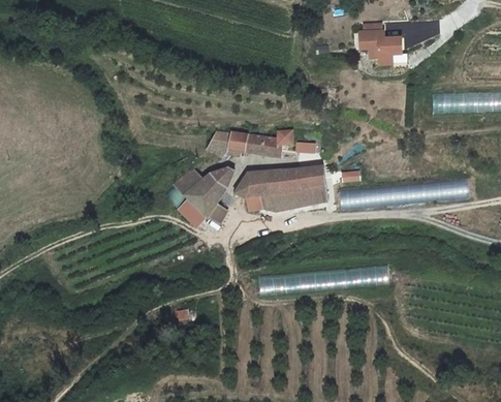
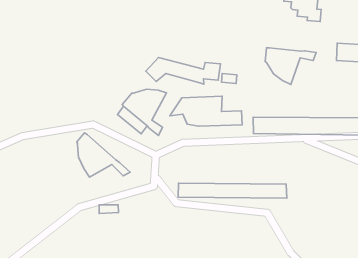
building: none -> [265,48,316,85]
building: [298,166,322,187] -> none
building: none -> [77,133,130,177]

